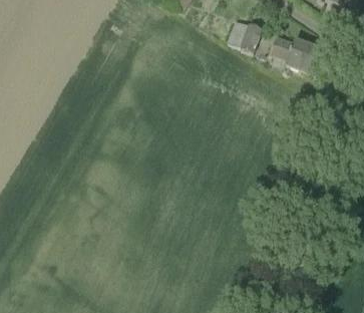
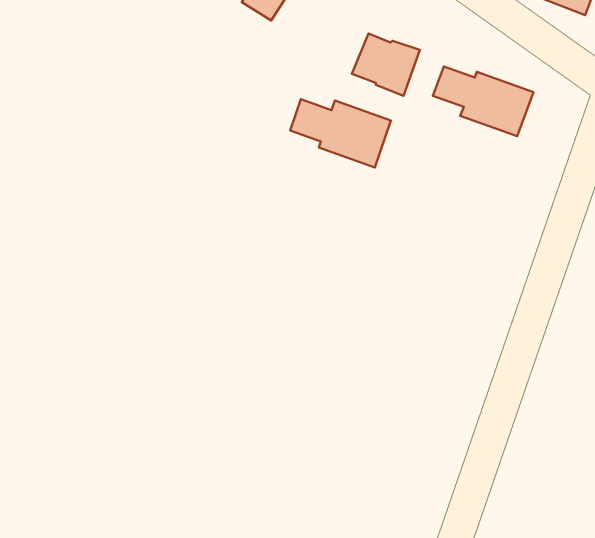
building: none -> [290,99,391,168]

